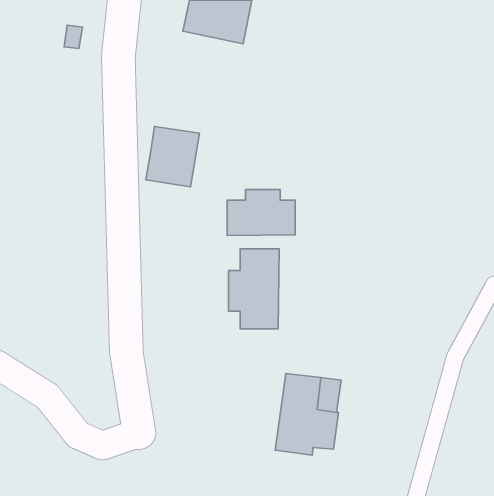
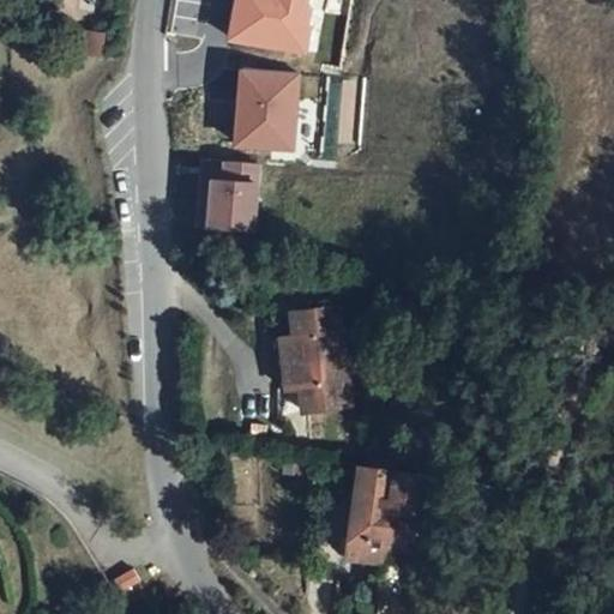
building: none -> [231,65,302,152]
building: [227,189,295,236] -> none

